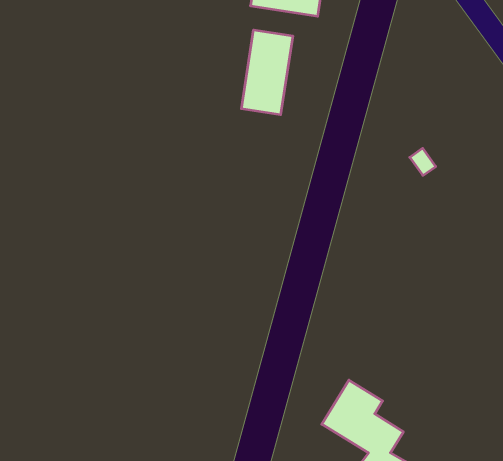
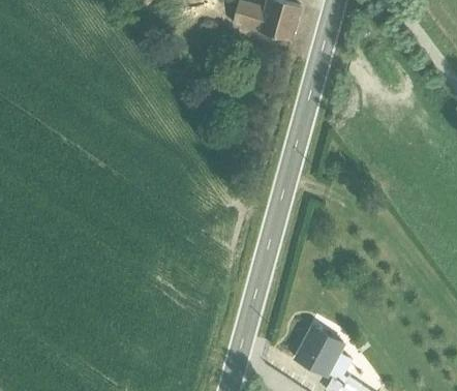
building: [241,30,293,115] -> none

